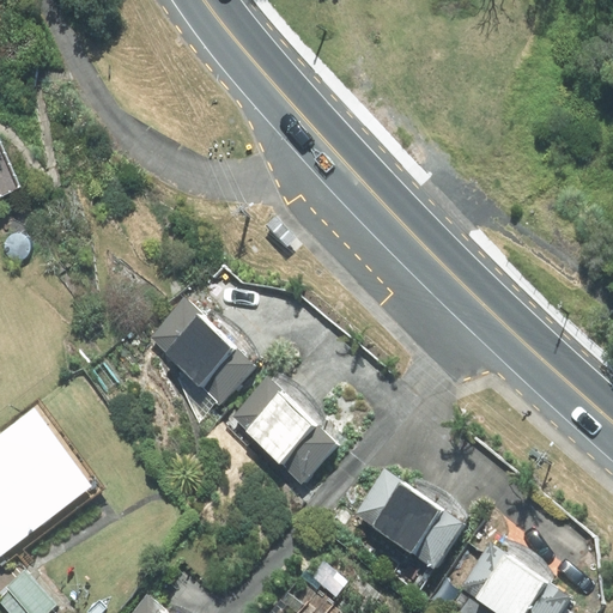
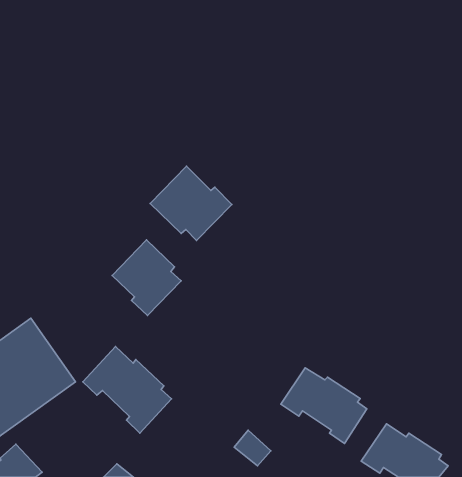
building: none -> [150,166,232,241]
building: [210,374,323,485] -> [83,346,171,433]

